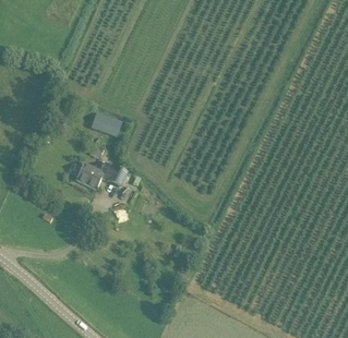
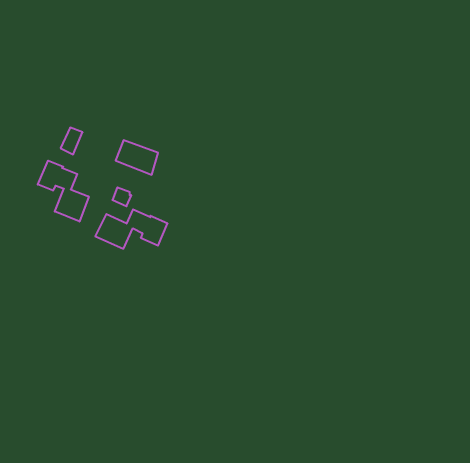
building: none -> [38,161,89,222]

